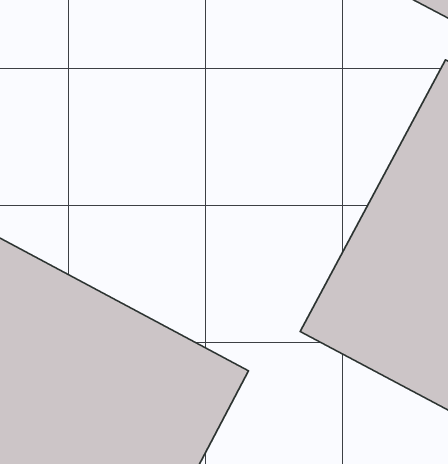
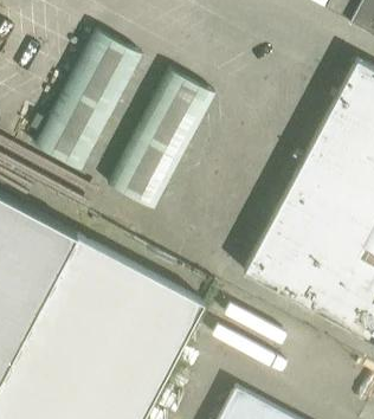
building: none -> [34,32,141,170]
building: none -> [107,71,214,211]

